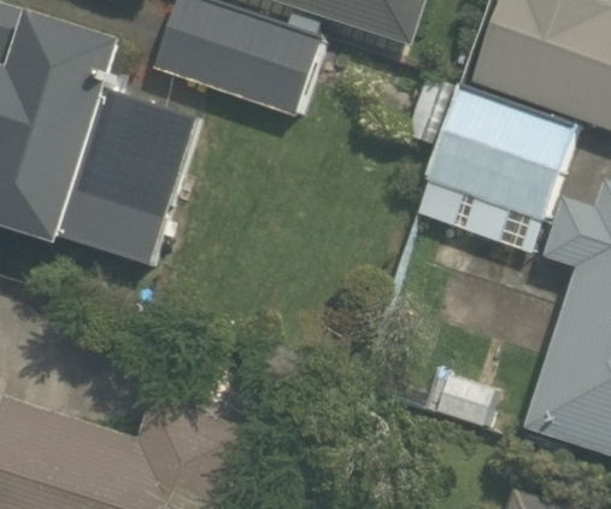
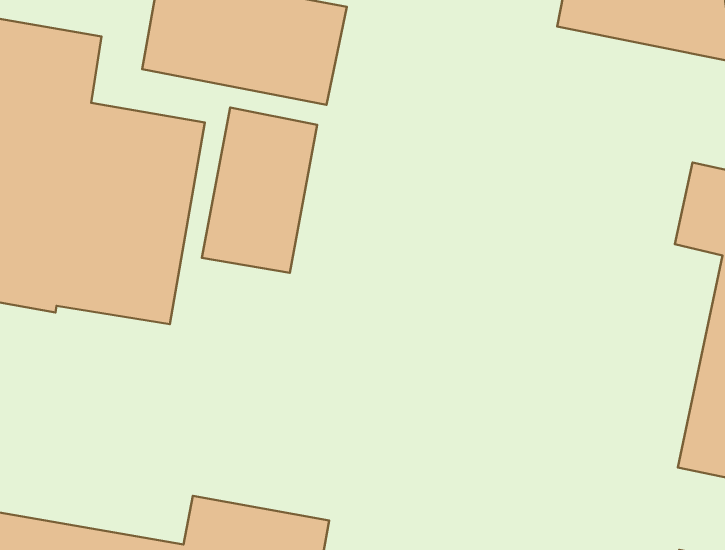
building: [424,86,572,215] -> none
building: none -> [202,108,317,273]

